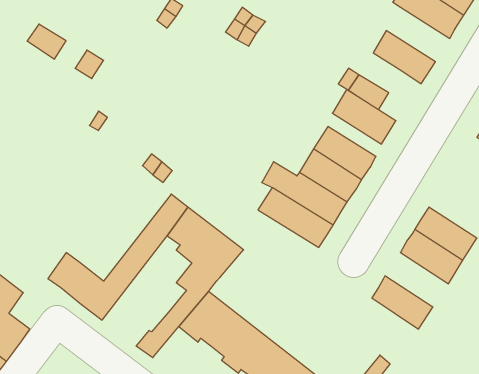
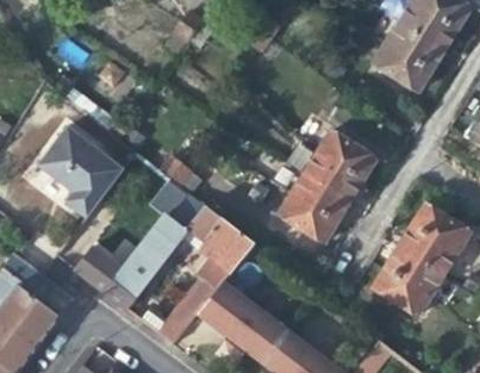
building: [332,90,396,144] -> [387,20,445,70]
building: none -> [39,125,124,217]
building: none -> [386,245,444,296]

